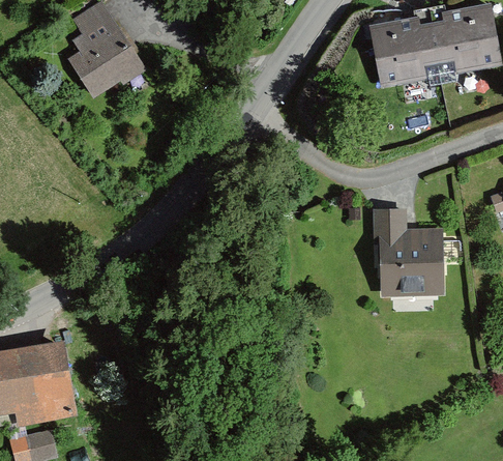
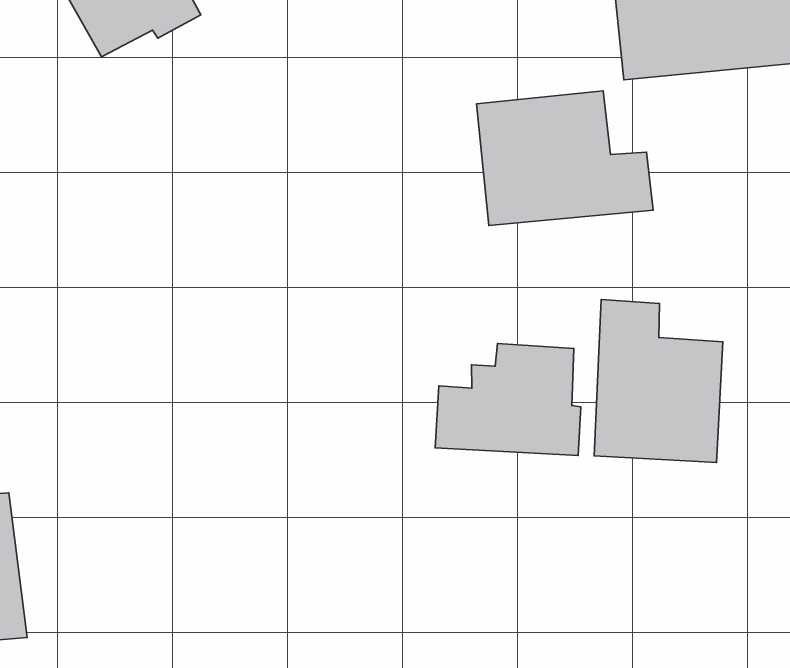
building: none -> [477,91,653,225]
building: none -> [435,343,581,456]

